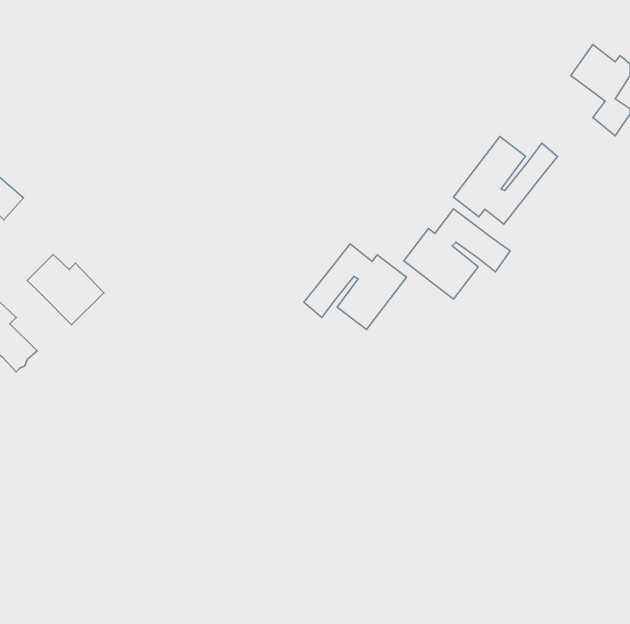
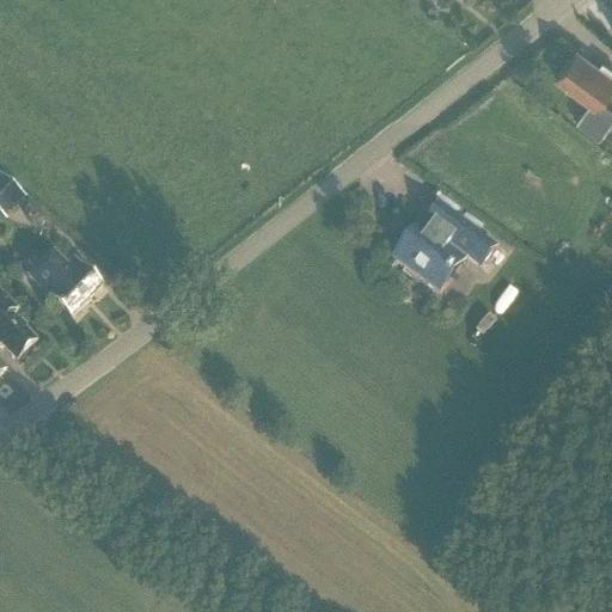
building: [453,136,557,224] -> none
building: [304,244,407,330] -> none

